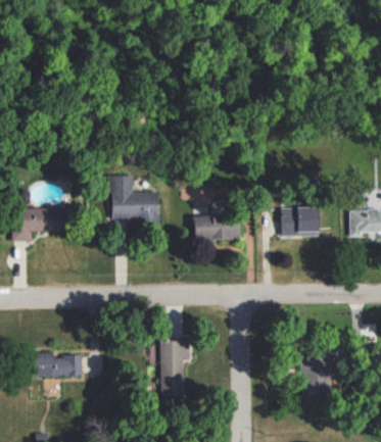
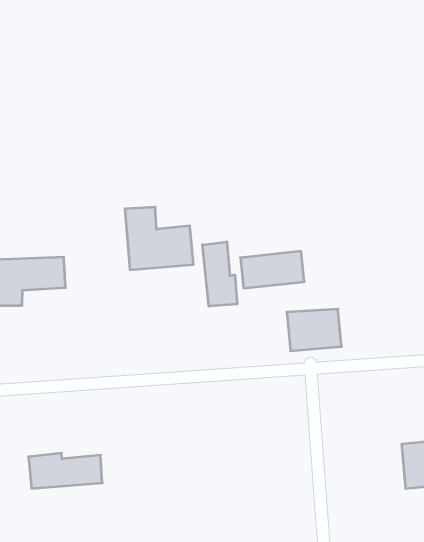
building: none -> [202,242,237,306]
building: [281,207,320,236] -> [287,309,342,351]
building: [160,339,190,396] -> none

